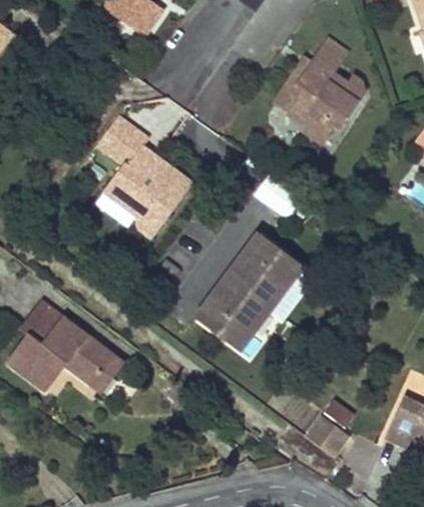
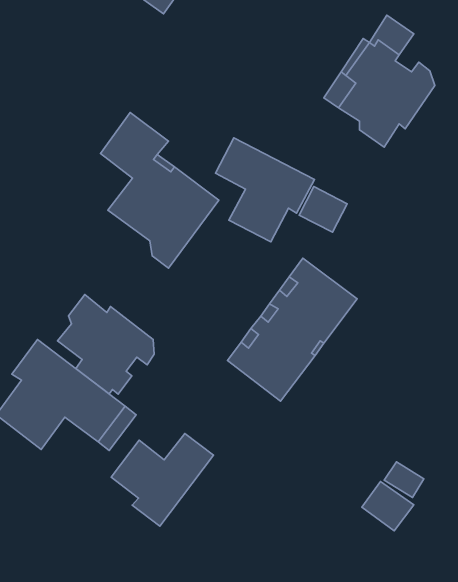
building: none -> [215,138,314,242]
building: none -> [57,294,154,394]
building: none -> [111,433,214,526]

